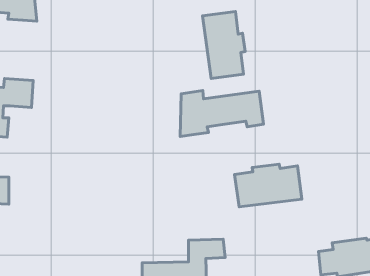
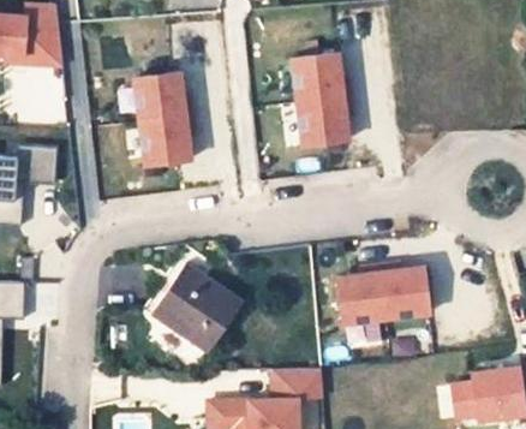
building: none -> [133,73,193,165]
building: [180,91,263,137] -> none
building: none -> [150,263,243,353]

